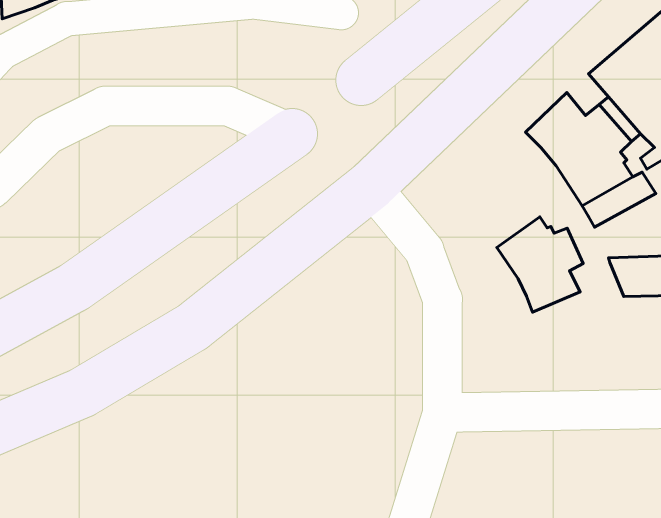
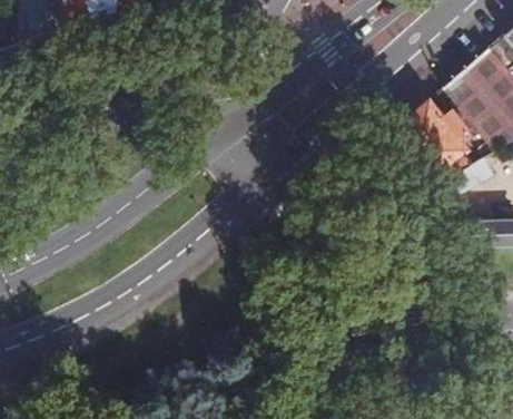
building: [497,217,583,312] -> none

